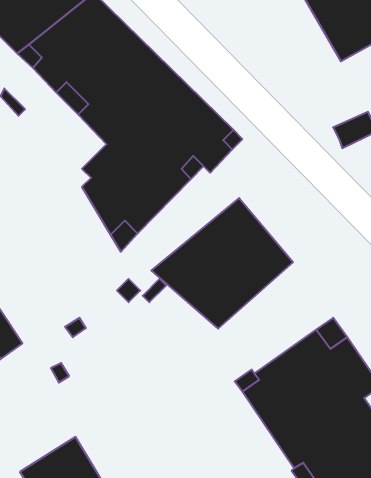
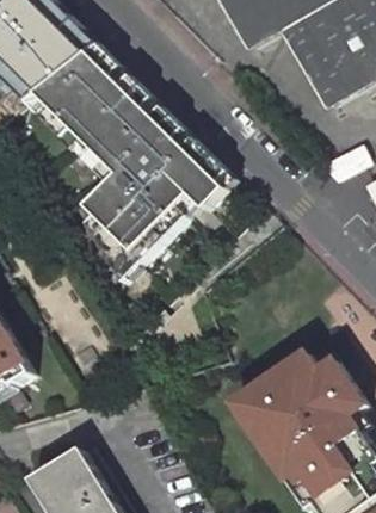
building: [151,198,293,329] -> none

